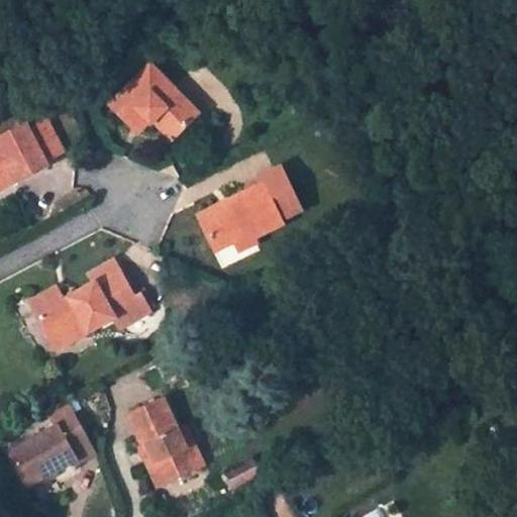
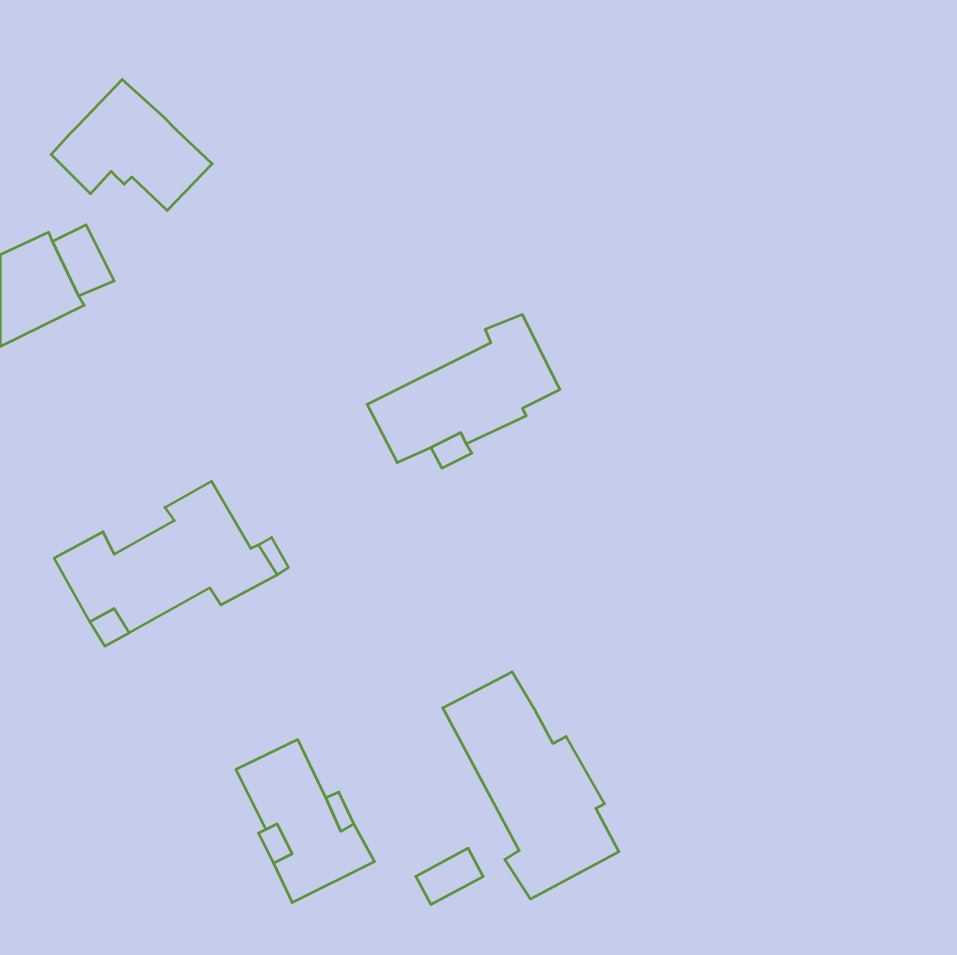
building: [112,68,199,138] -> [51,79,212,211]
building: none -> [443,672,619,899]
building: [9,397,94,484] -> none

